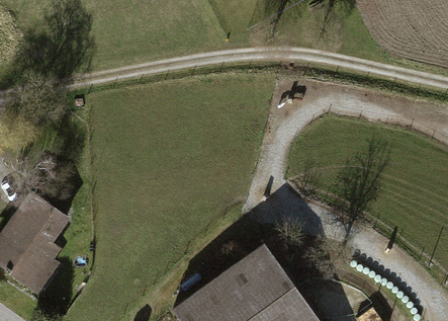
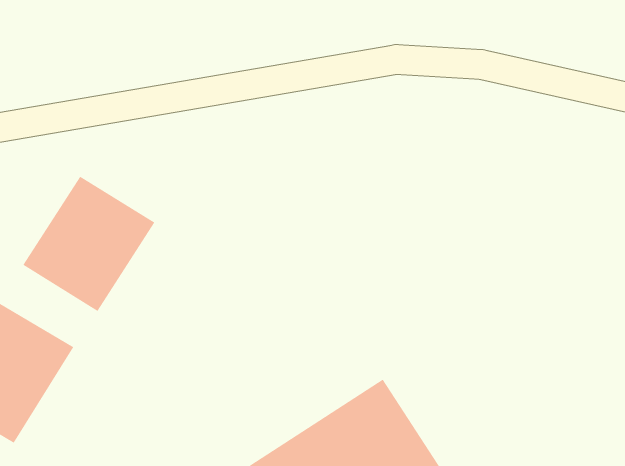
building: none -> [23,176,155,312]

